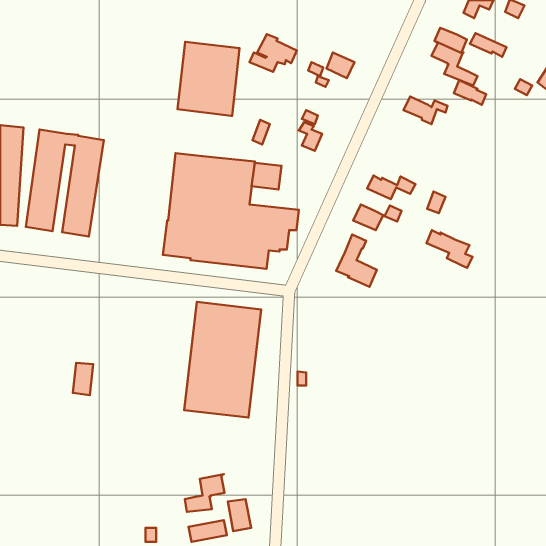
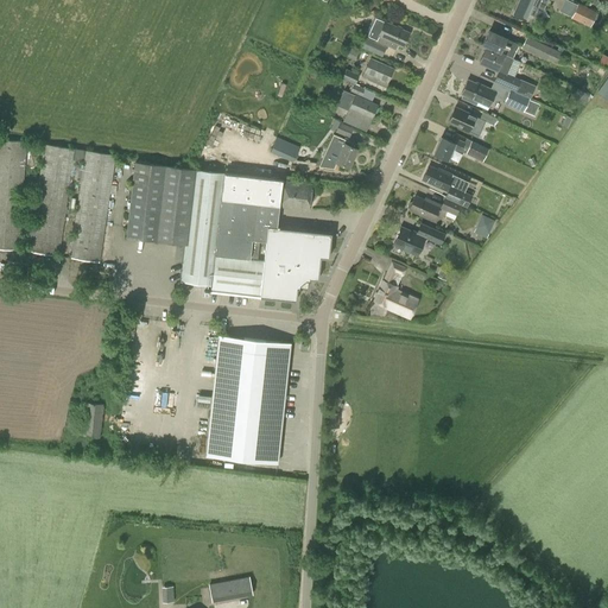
building: [250,34,297,72] -> [357,17,410,58]
building: [178,42,240,116] -> [127,164,196,246]
building: none -> [462,80,498,108]
building: none -> [344,97,378,132]
building: none -> [435,138,489,163]
building: [427,230,473,268] -> [423,166,474,208]
building: [185,474,225,512] -> none
building: [228,499,251,531] -> none

